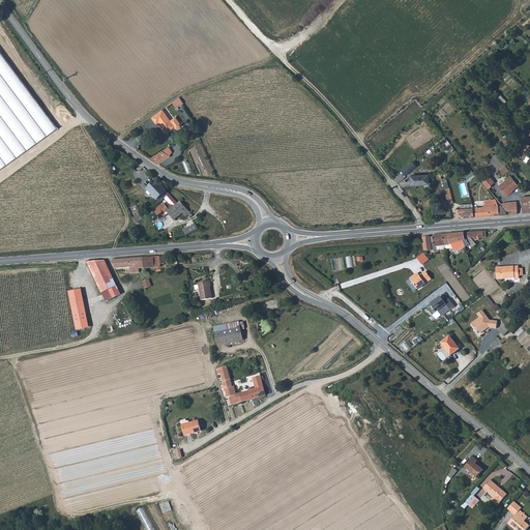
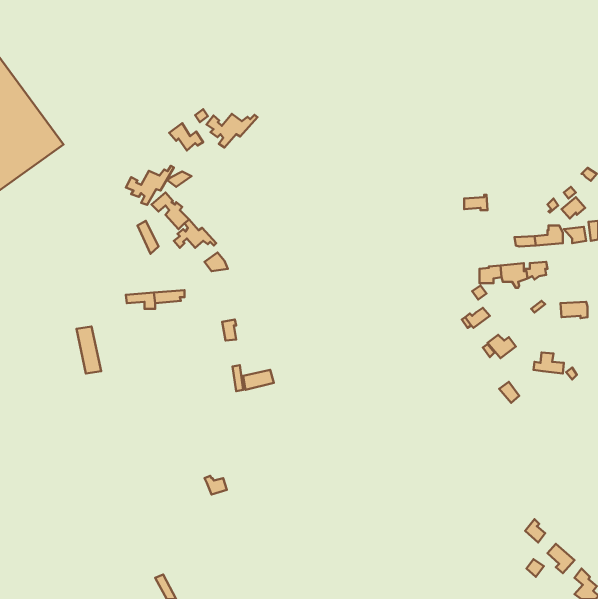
building: none -> [206,114,257,147]
building: none -> [126,166,174,205]
building: [85,260,118,298] -> none
building: [214,362,264,404] -> none

